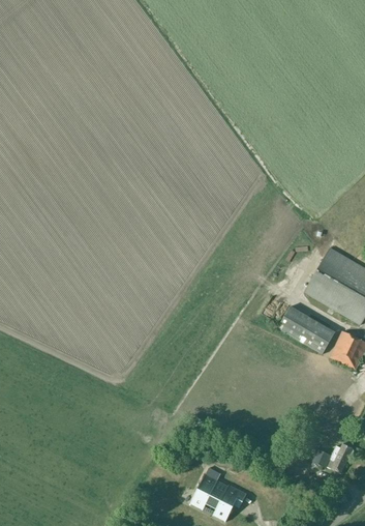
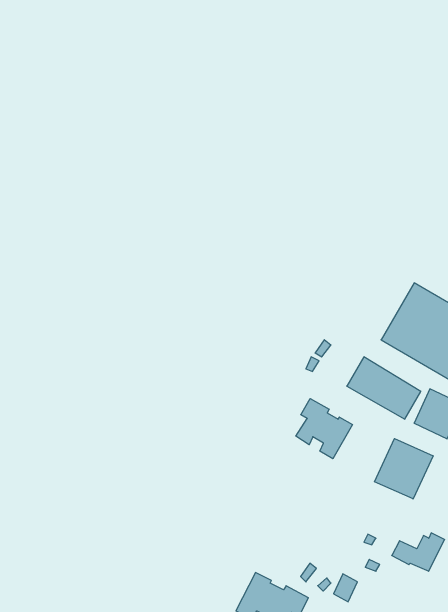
building: none -> [296,399,352,459]
building: none -> [375,439,433,499]

